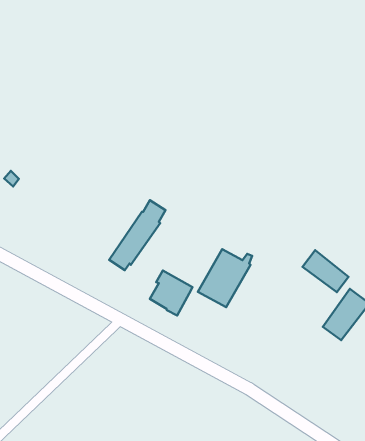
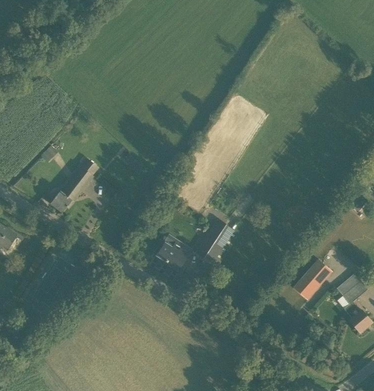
building: [109,200,165,270] -> [50,157,98,212]
building: [302,250,349,292] -> none

